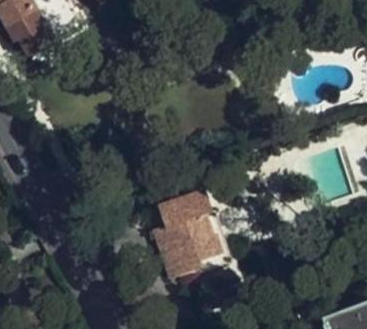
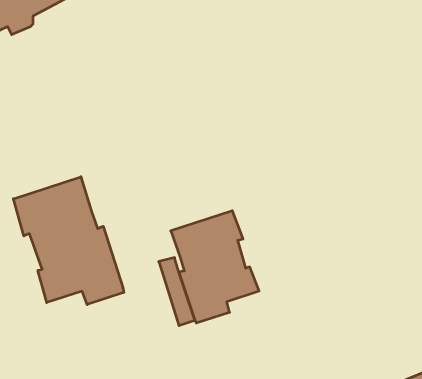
building: none -> [13,177,124,305]

